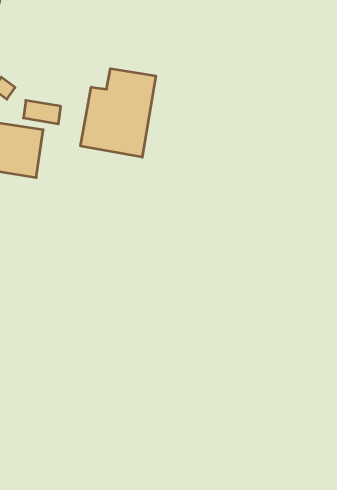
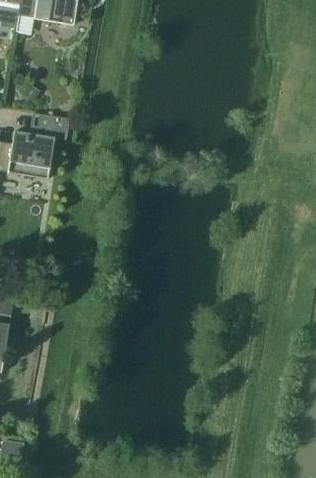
building: [81,69,156,157] -> none

